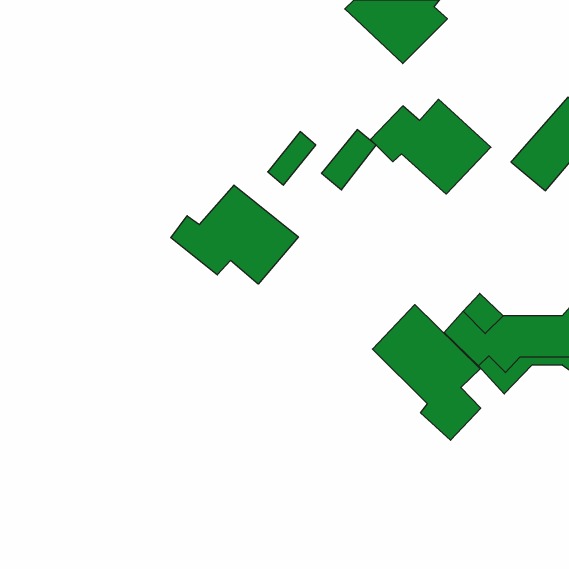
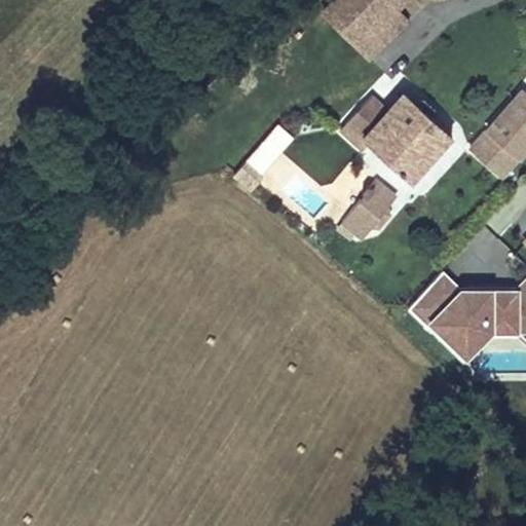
building: [321,130,376,190] -> [344,183,394,238]
building: [171,185,298,284] -> none
building: [372,305,481,440] -> none

